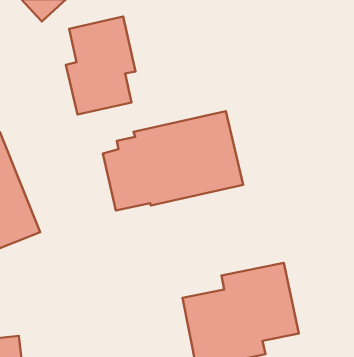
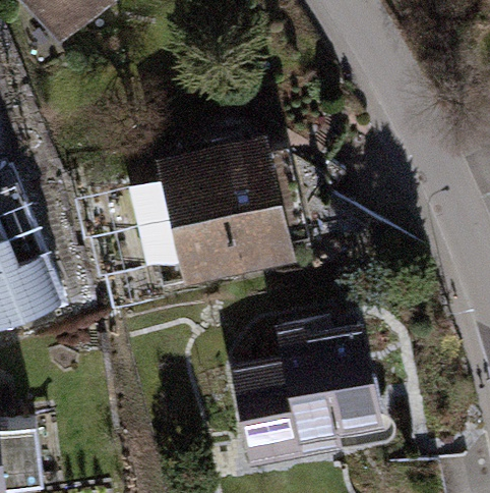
building: [66,17,135,114] -> none

